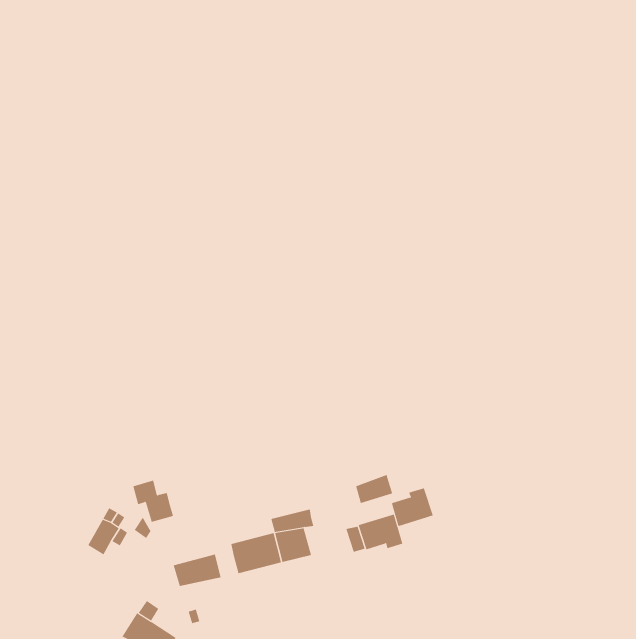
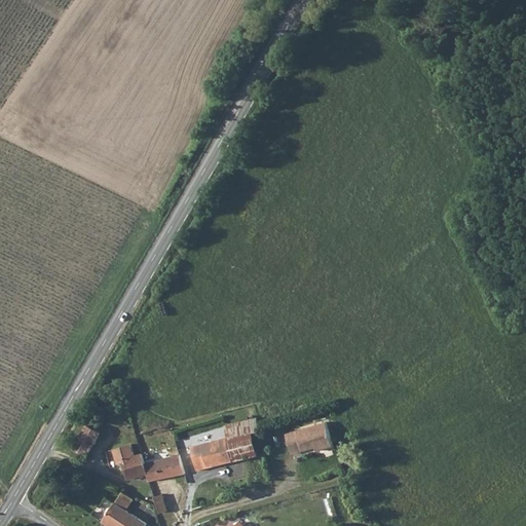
building: [356,474,393,504] -> none
building: [132,480,174,522] -> [111,445,145,480]
building: [391,487,434,527] -> none

